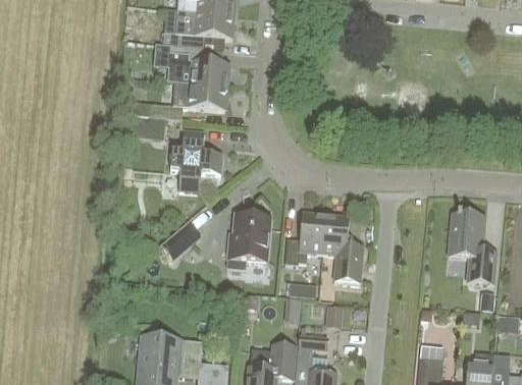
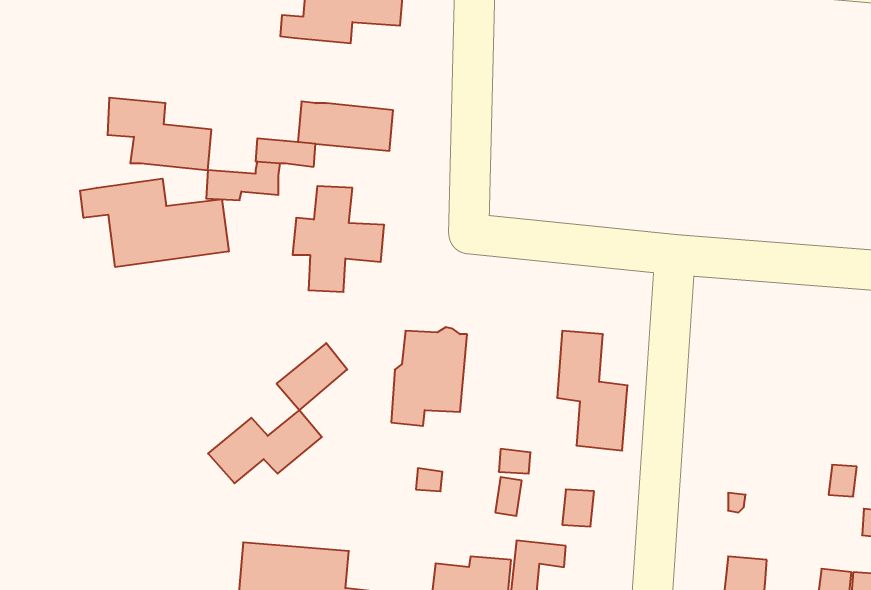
building: [169,45,229,87] -> [107,98,211,170]
building: none -> [80,179,229,267]
building: [284,212,325,265] -> none
building: [448,213,495,283] -> none
building: none -> [208,410,322,483]

